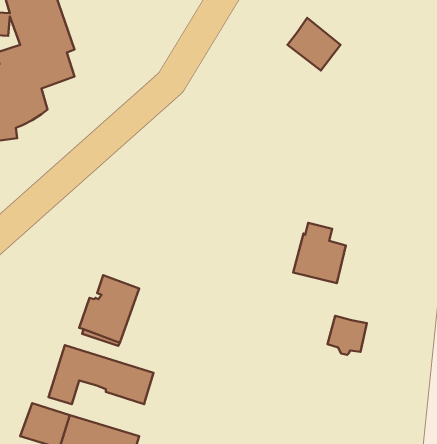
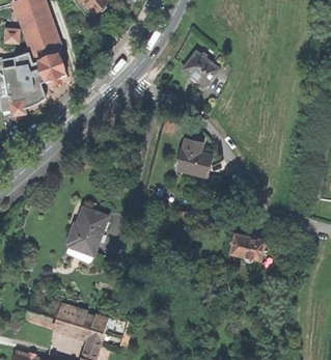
building: [288,18,340,70] -> [182,52,218,88]
building: [293,223,346,283] -> [175,141,212,183]
building: [49,345,153,404] -> none

